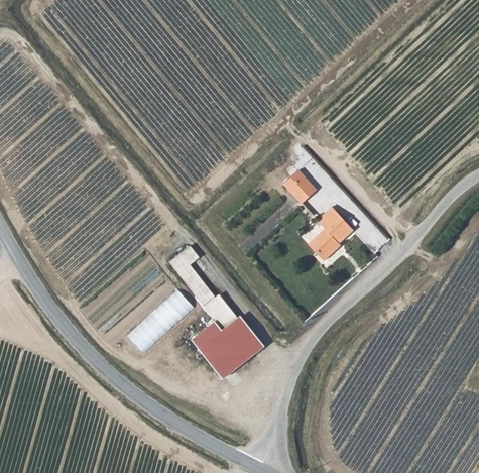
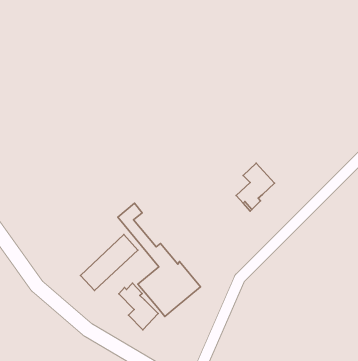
building: [281,168,315,202] -> none
building: none -> [119,283,158,330]

